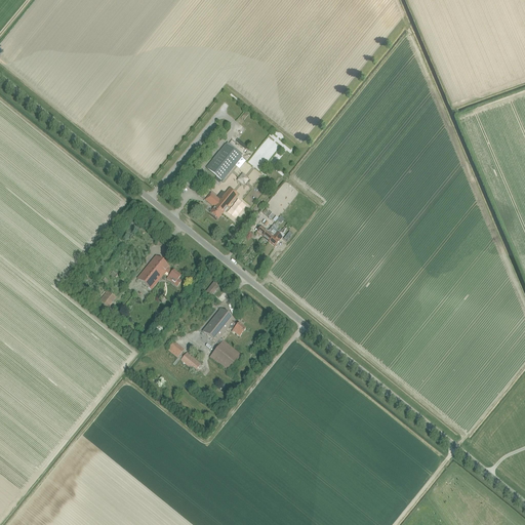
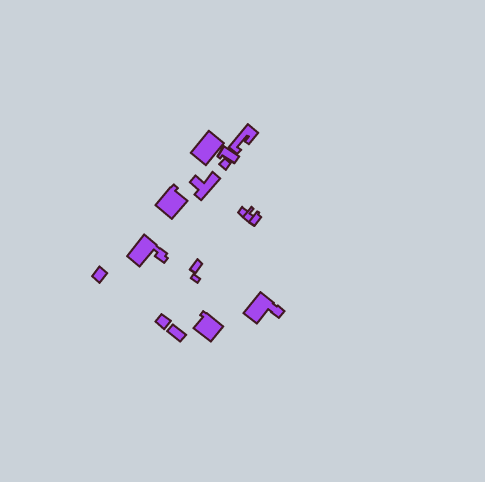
building: none -> [156,185,188,219]
building: [202,307,246,340] -> [244,292,284,324]

